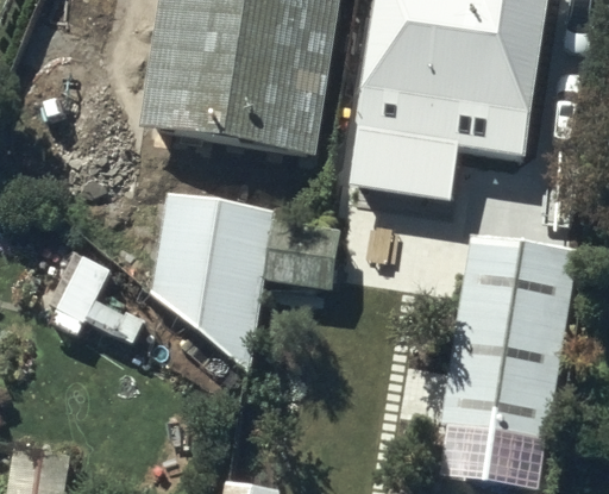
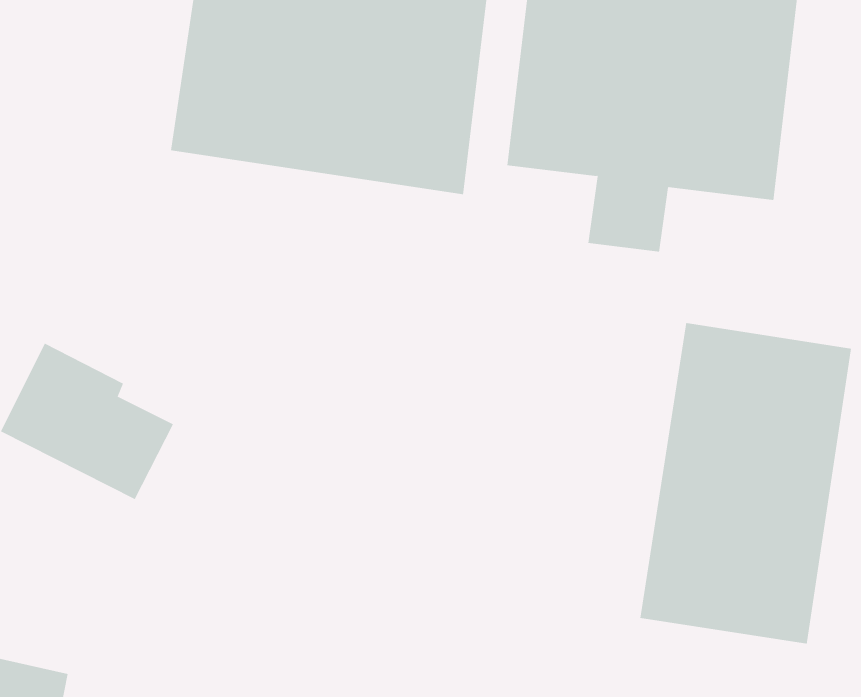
building: [153,213,334,392] -> none

